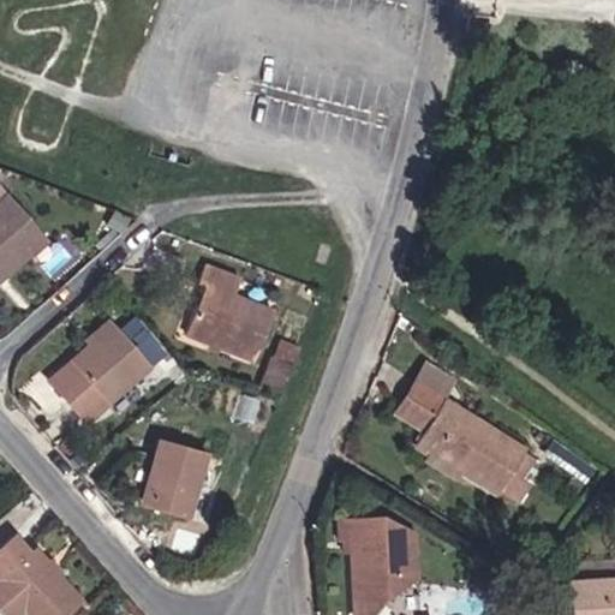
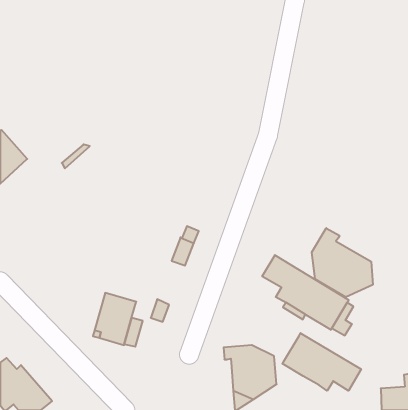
building: [186,265,273,359] -> none
building: [50,321,165,422] -> none
building: none -> [312,228,373,297]
building: none -> [282,333,361,391]

